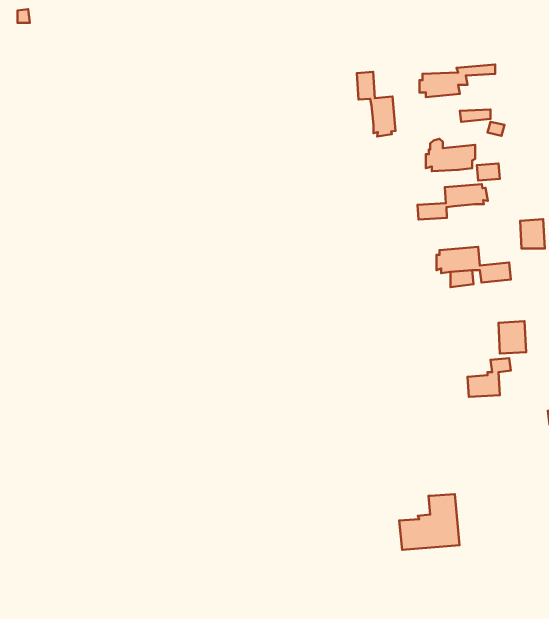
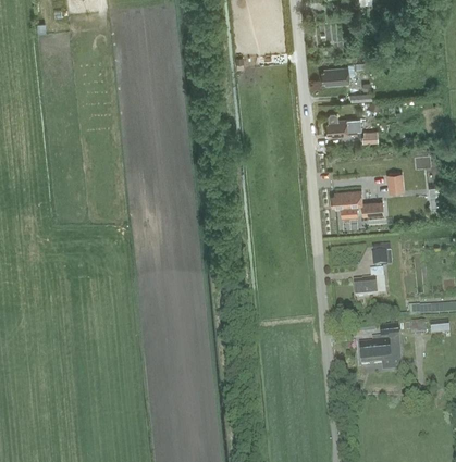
building: [357,72,396,137] -> none
building: [418,184,488,220] -> none
building: [399,494,460,550] -> [358,325,400,364]

